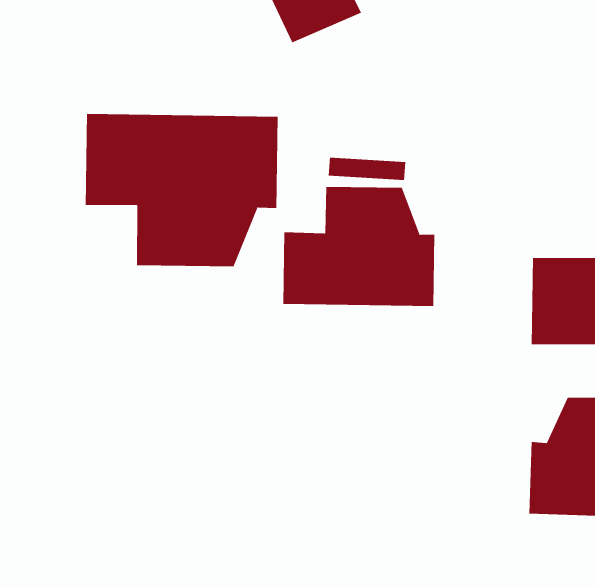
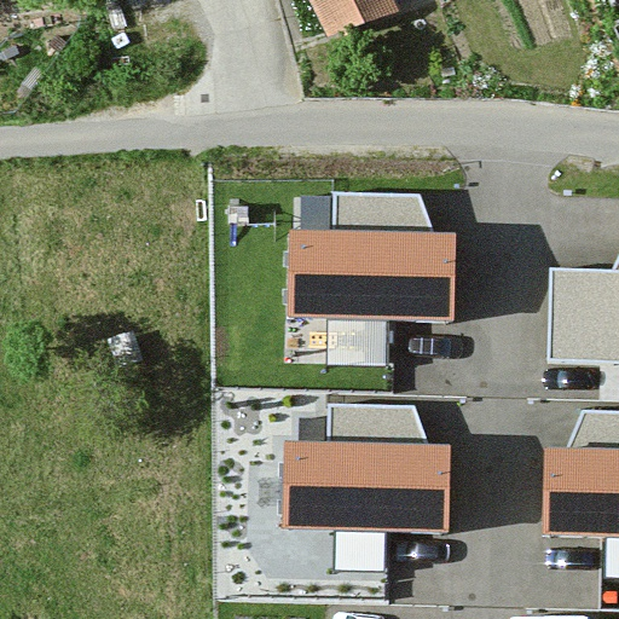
building: [85,113,278,267] -> none
building: none -> [287,405,446,530]

